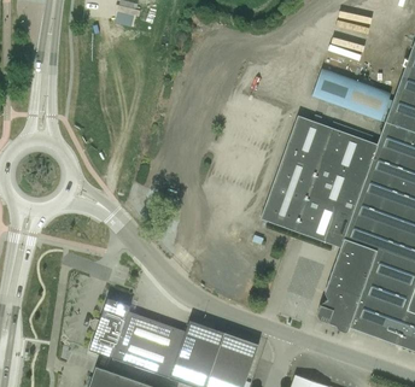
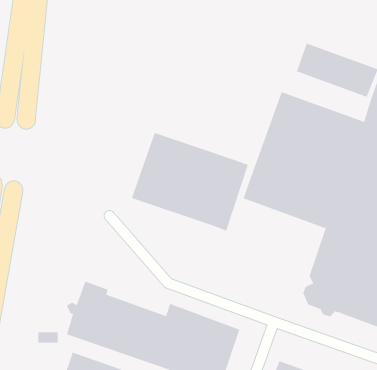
building: none -> [131,132,249,232]

